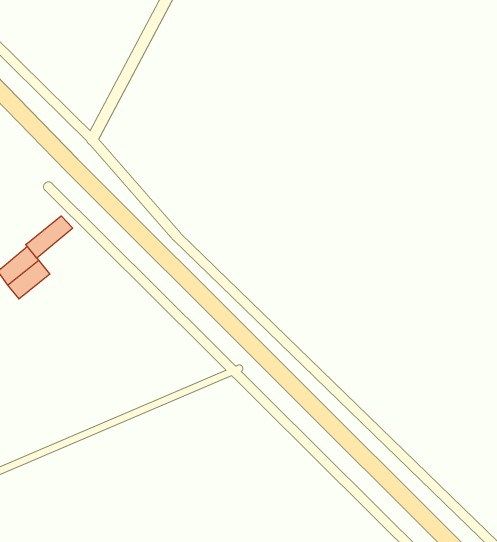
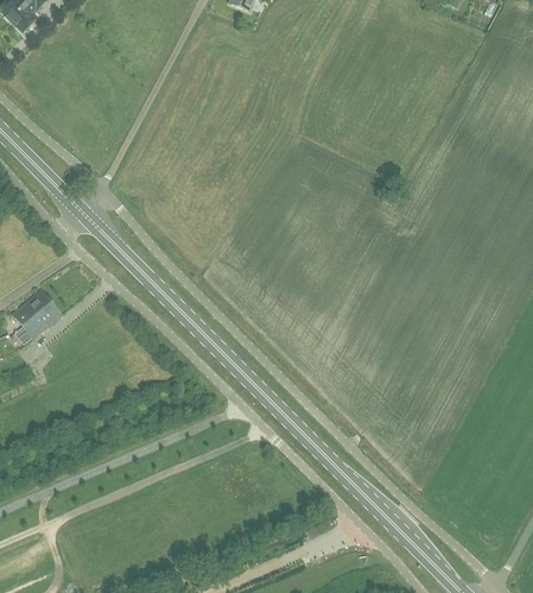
building: [26,216,73,258] -> none

